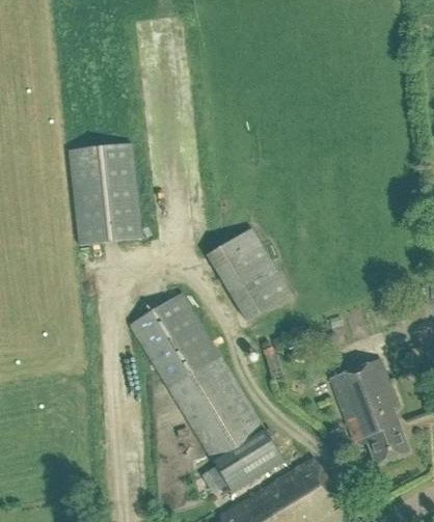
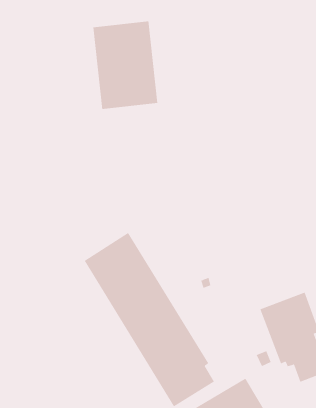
building: [67,142,142,243] -> [92,21,158,110]
building: [209,227,292,321] -> none

